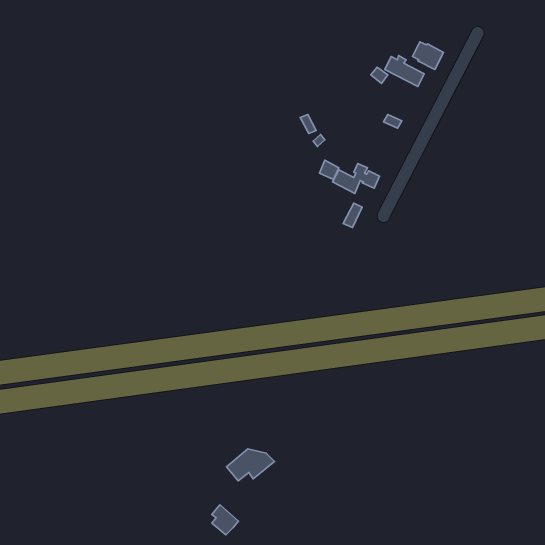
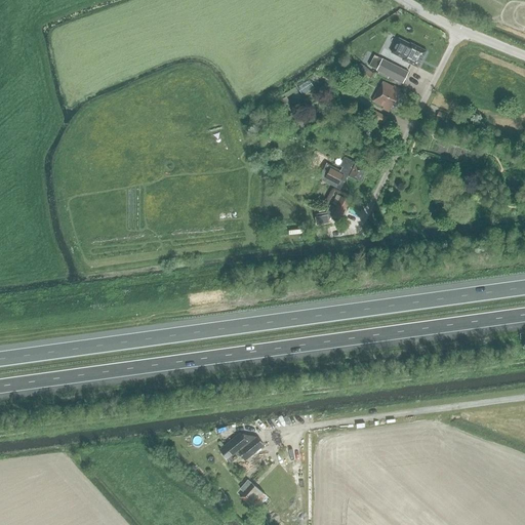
building: none -> [371,80,403,112]
building: [212,505,239,535] -> [239,479,265,508]

